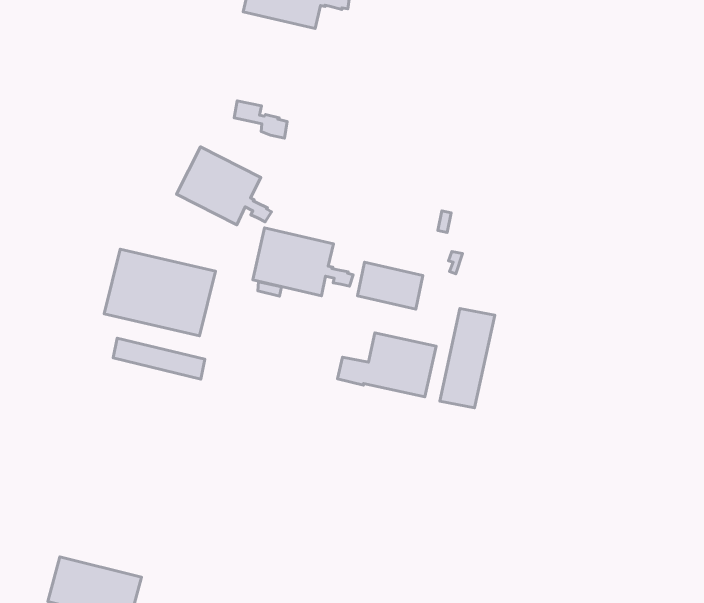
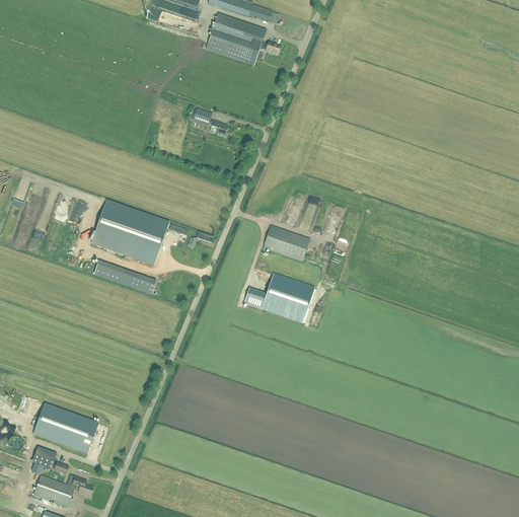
building: [176,147,271,225] -> none
building: [253,228,353,296] -> none
building: [440,309,495,408] -> none

